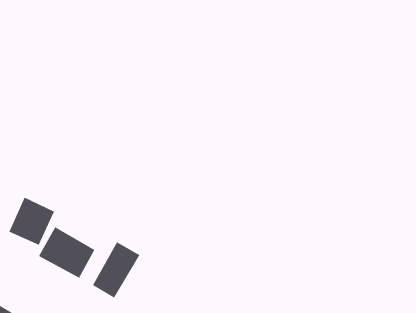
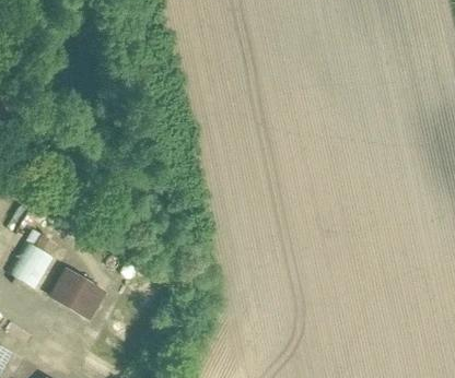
building: [92,242,140,299] -> none

